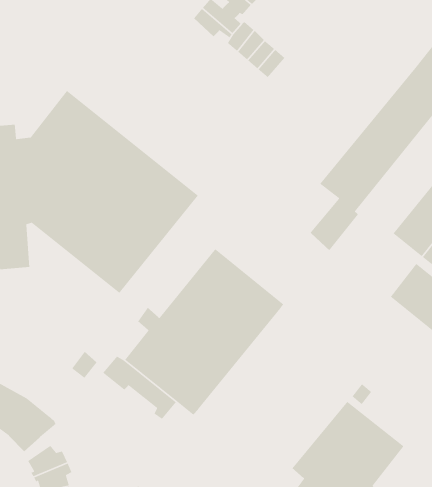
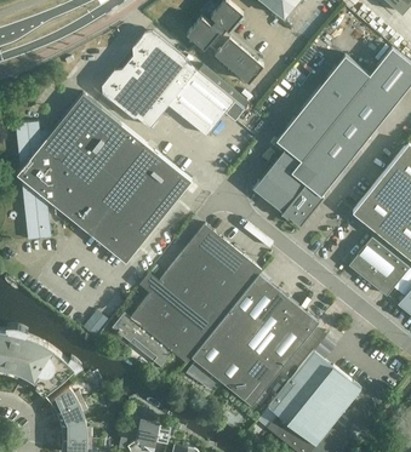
building: none -> [104,35,249,137]
building: none -> [253,56,370,213]
building: none -> [185,275,319,406]

